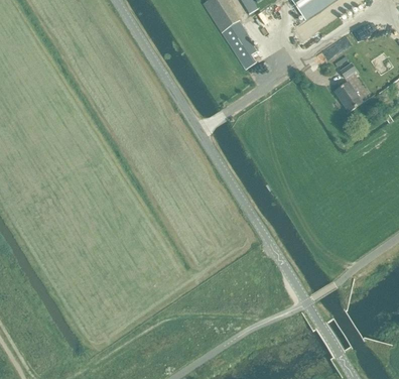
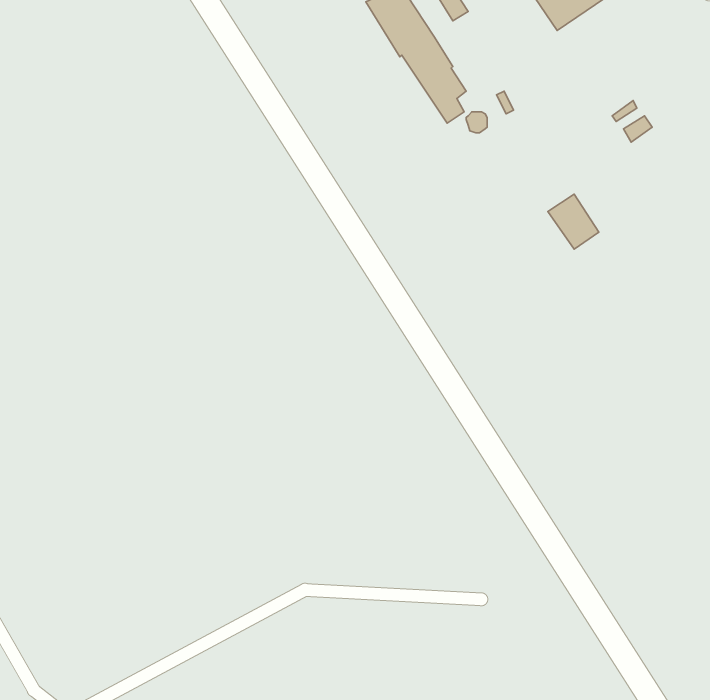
building: [335,82,362,111] -> [548,194,599,249]

